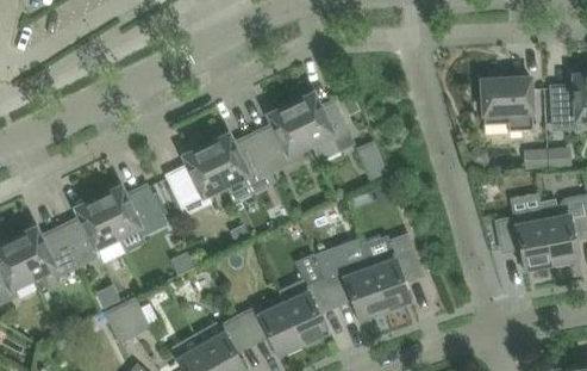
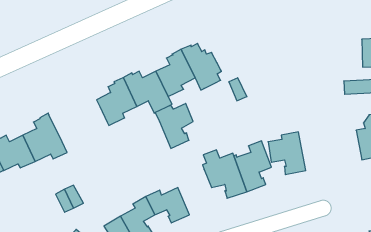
building: [479,78,532,131] -> none
building: [96,186,164,237] -> none
building: [497,208,551,270] -> [268,132,306,175]
building: [279,278,333,344] -> [155,103,193,148]

